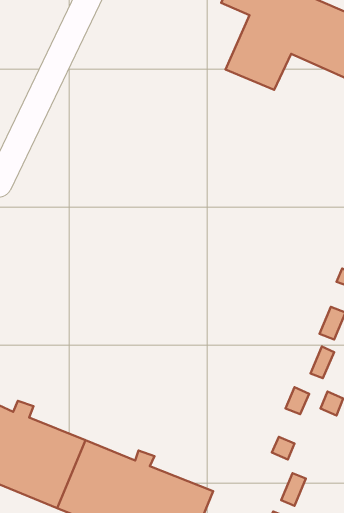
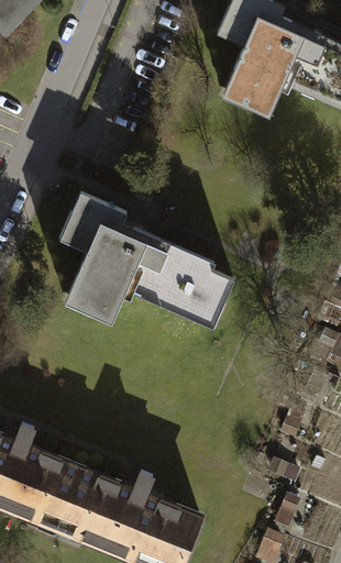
building: none -> [59,192,234,328]

